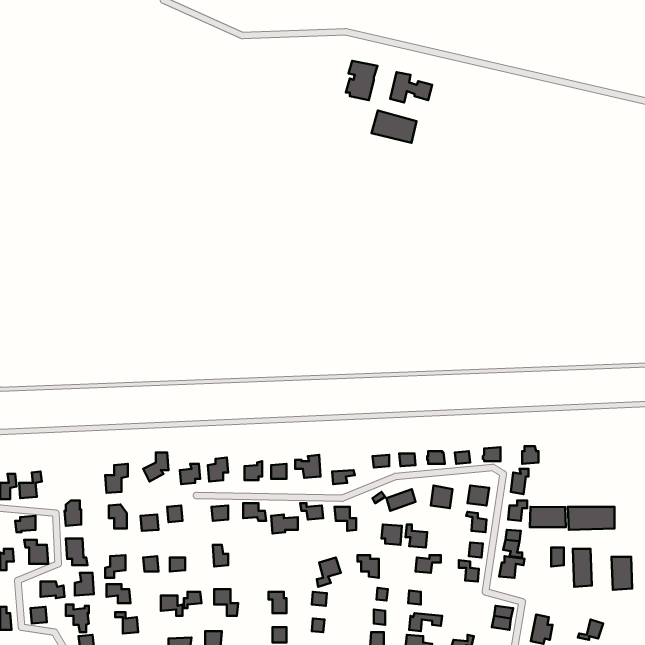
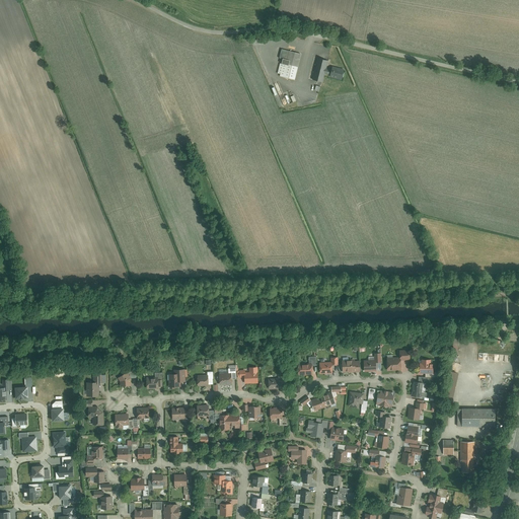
building: [371,110,417,143] -> none
building: [530,507,566,527] -> none
building: [612,557,632,590] -> none

